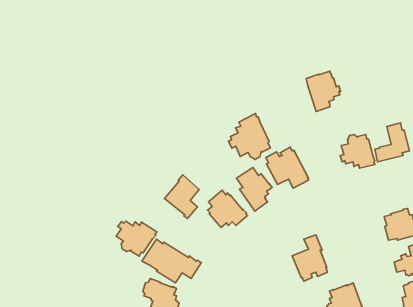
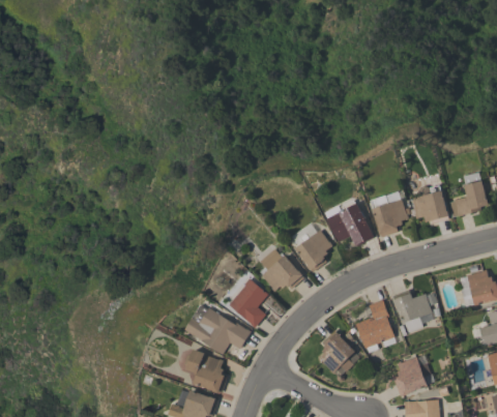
building: [306,71,341,111] -> [371,191,410,237]
building: [229,114,270,159] -> none
building: [165,175,199,219] -> [229,277,268,327]
building: [116,221,157,256] -> none
building: none -> [392,290,437,332]
building: none -> [319,330,359,373]

